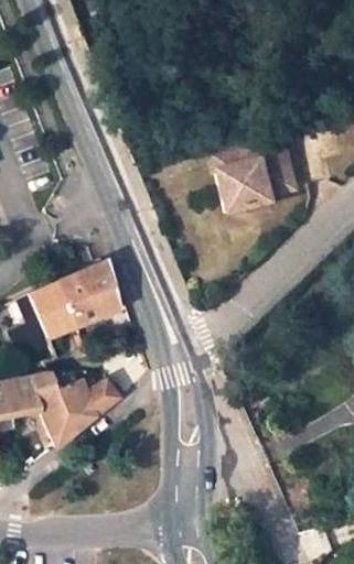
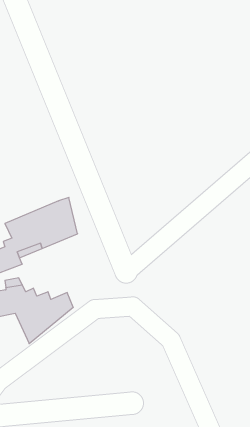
building: [214,134,300,214] -> none

